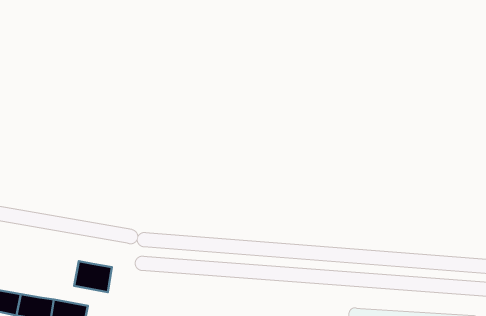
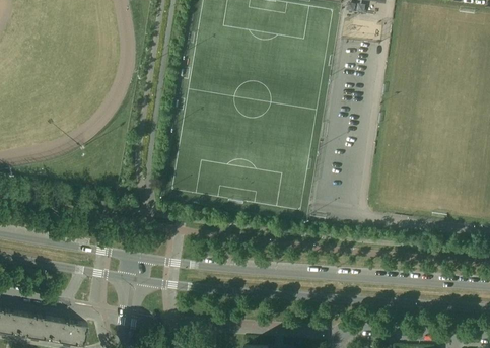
building: [74,261,112,292] -> none

